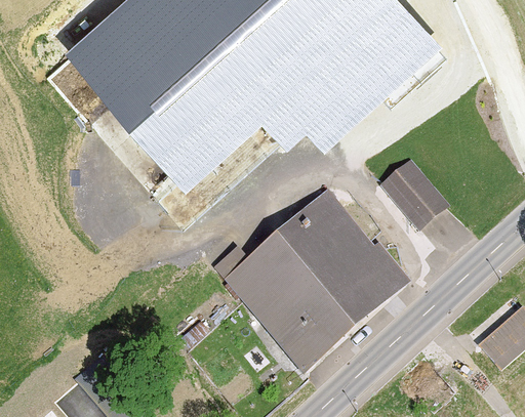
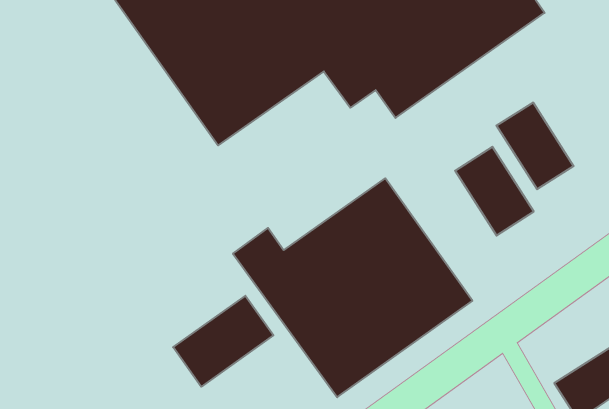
building: none -> [496,102,574,189]
building: none -> [173,296,273,387]

